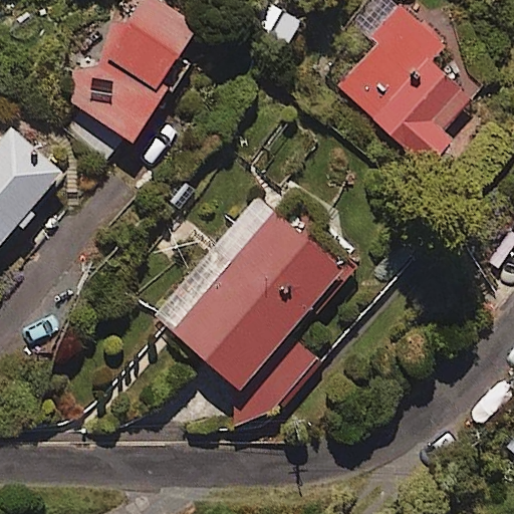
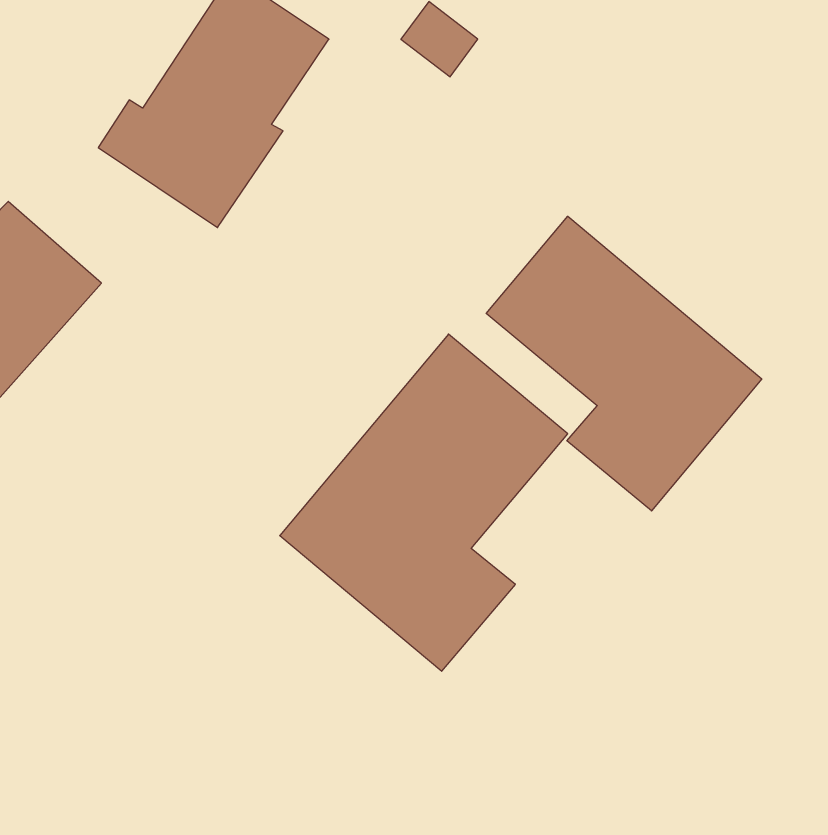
building: [331,6,463,170] -> none
building: none -> [486,216,762,511]

